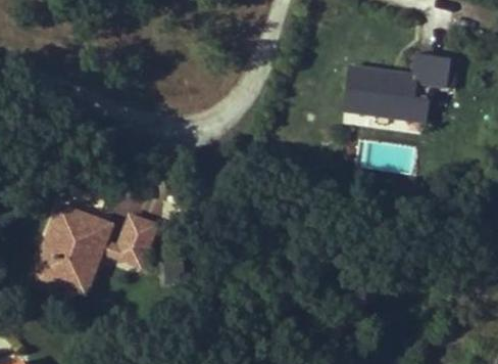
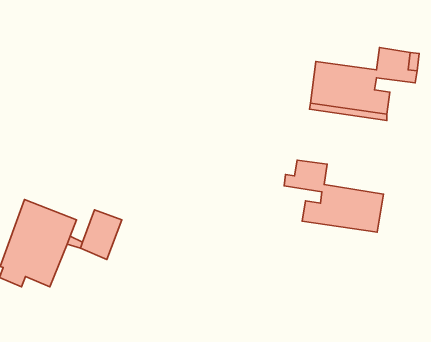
building: none -> [284,160,384,232]

